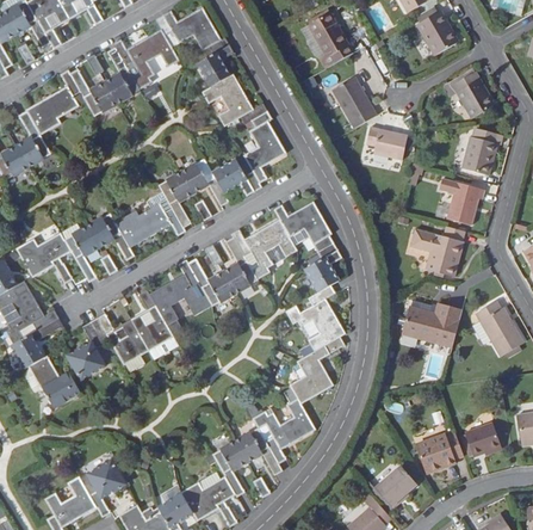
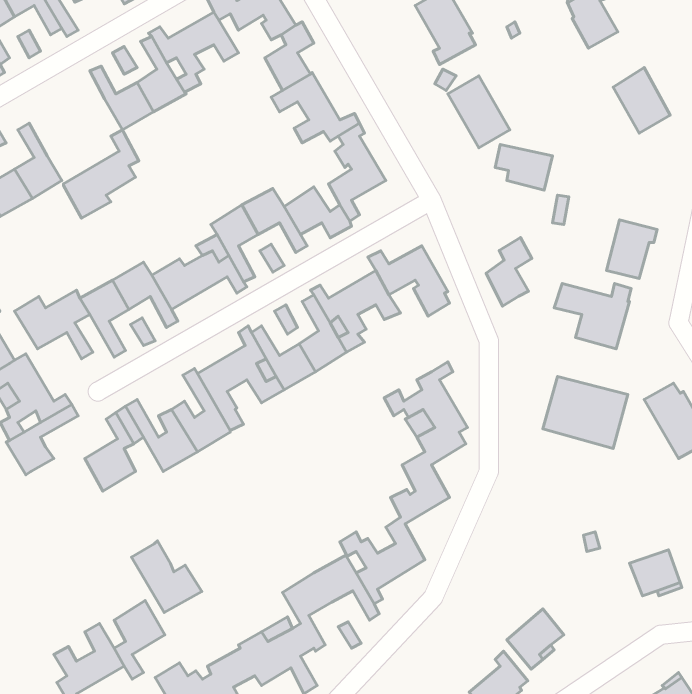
building: [26,70,81,135] -> [64,130,139,218]
building: [461,129,497,175] -> none
building: [308,242,341,292] -> [486,237,532,306]
building: [27,353,79,406] -> [131,541,202,613]
building: [415,433,464,474] -> none

